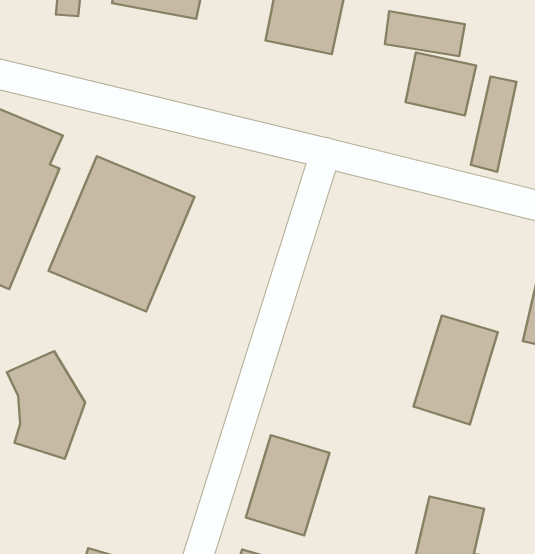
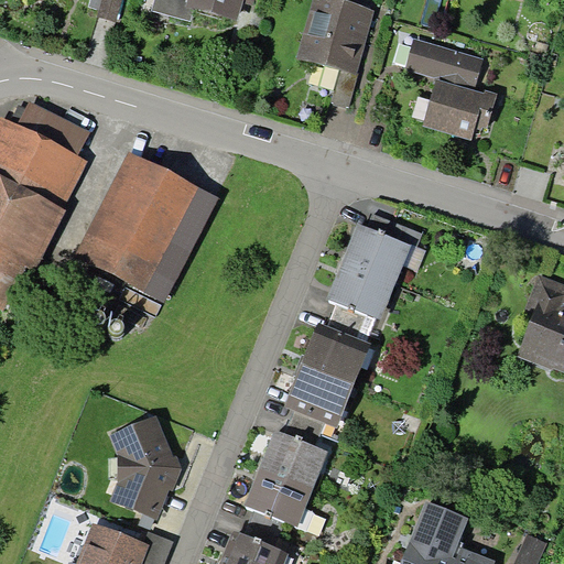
building: [471,77,516,172] -> none
building: none -> [326,225,409,319]
building: [414,315,498,424] -> [284,323,369,427]
building: [7,351,85,459] -> [109,417,181,520]

